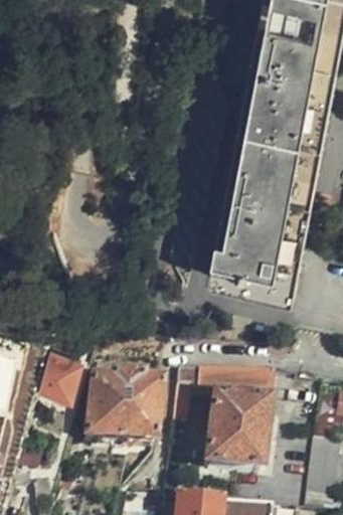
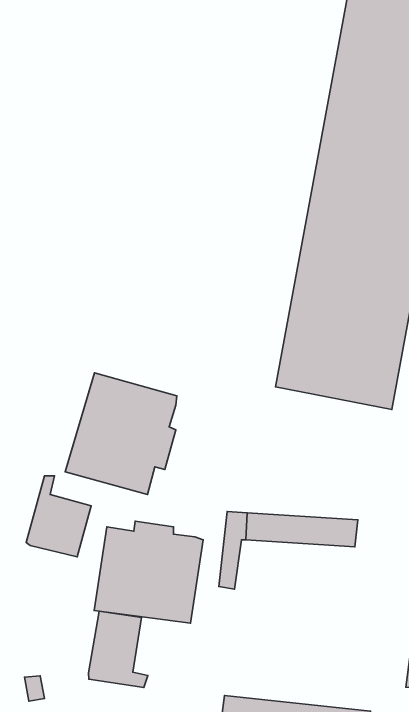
building: none -> [65,373,177,495]
building: [203,395,268,471] -> none
building: none -> [89,611,148,688]

